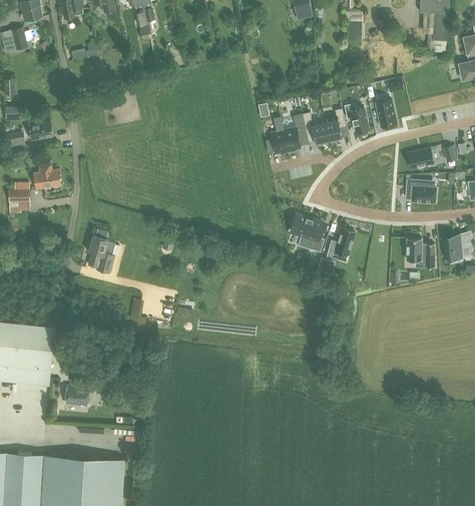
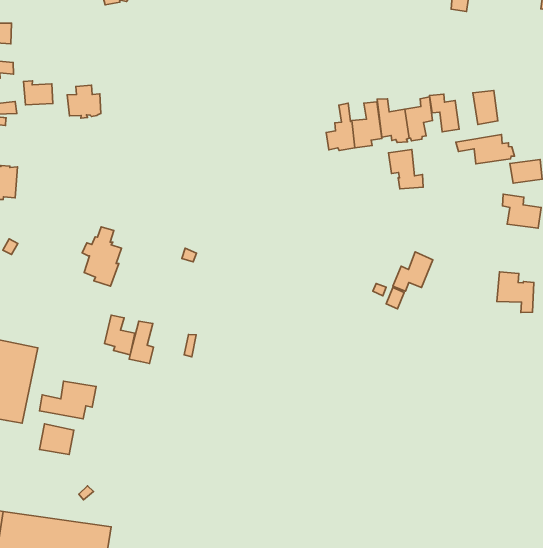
building: none -> [456,135,514,164]
building: none -> [389,149,423,189]
building: [33,163,60,189] -> [67,85,101,118]
building: [291,214,324,251] -> none
building: none -> [104,315,135,355]
building: none -> [39,381,96,419]

